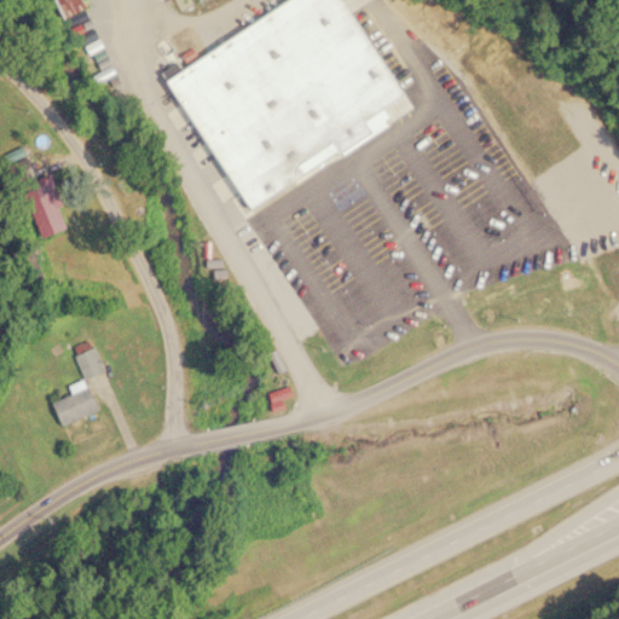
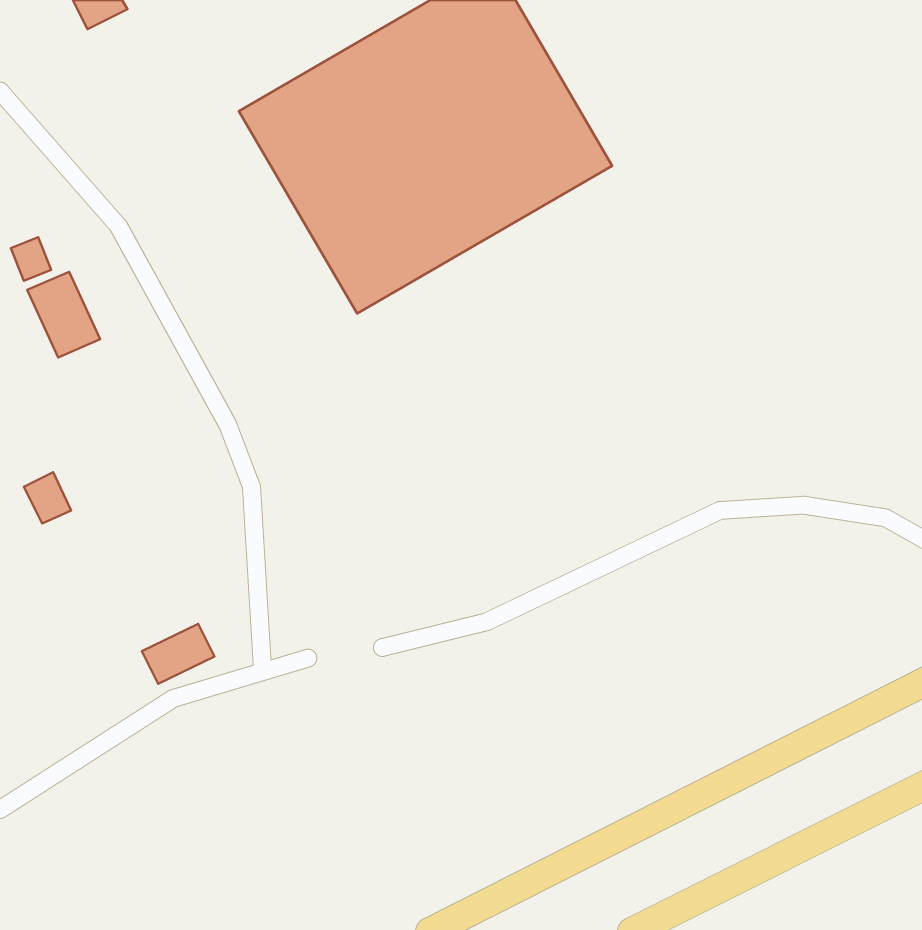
building: [76,346,108,380] -> [24,472,71,523]
building: [52,387,100,427] -> [142,624,215,684]

